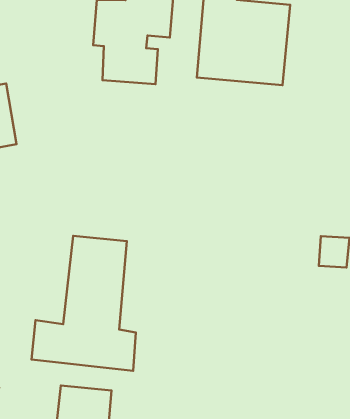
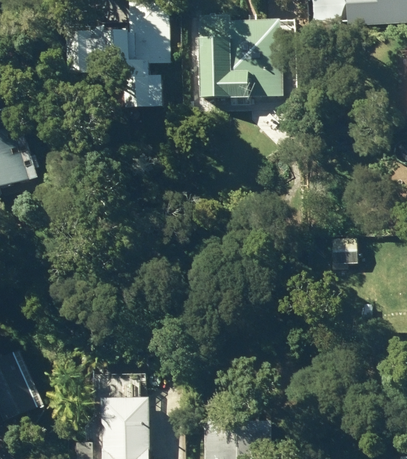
building: [31,236,136,371] -> none

